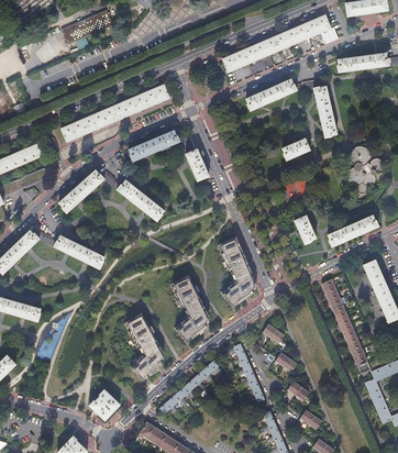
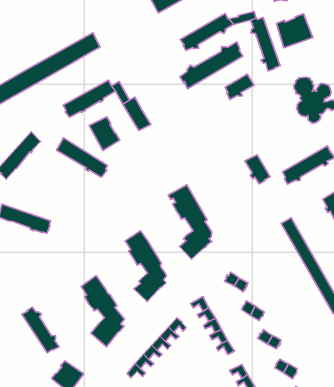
building: none -> [277,14,313,48]
building: none -> [180,42,243,89]
building: none -> [89,117,120,151]
building: none -> [22,307,59,353]

